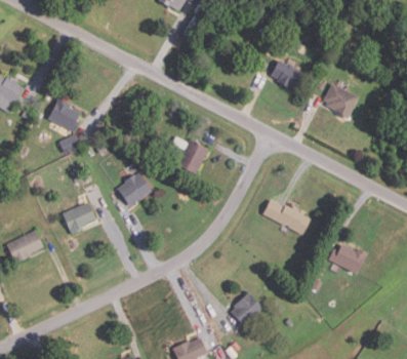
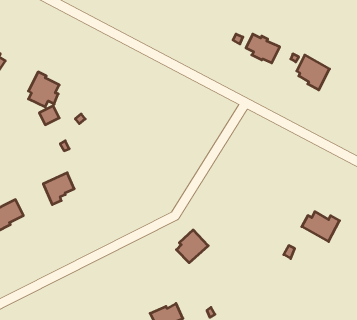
building: [176,139,208,174] -> none
building: [117,173,151,206] -> none
building: [262,199,310,235] -> none
building: [230,291,262,325] -> [176,230,208,263]

